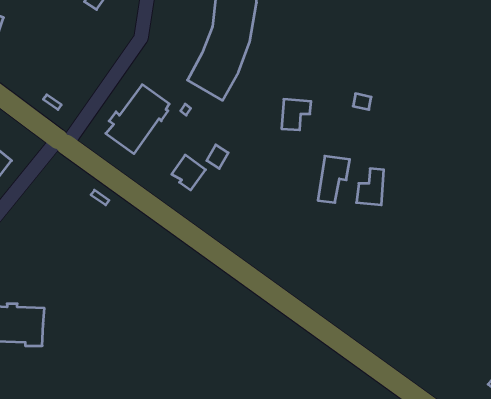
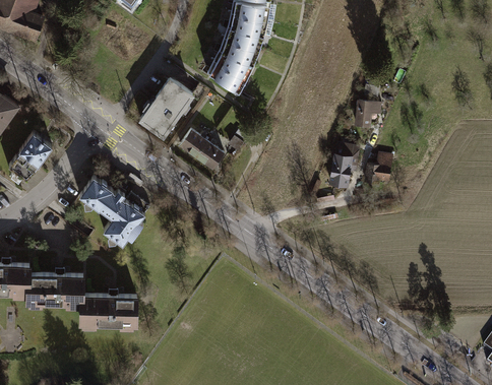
building: [282,99,311,130] -> [351,101,377,128]
building: none -> [178,127,209,156]
building: none -> [80,174,147,243]
building: none -> [81,290,137,327]

